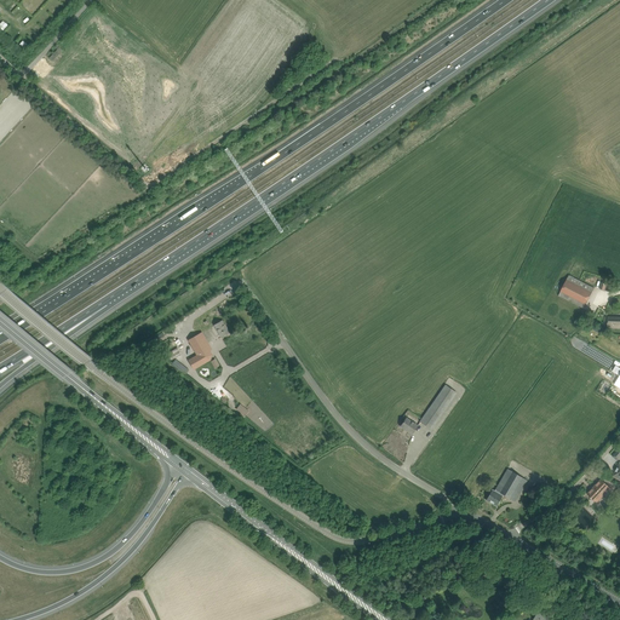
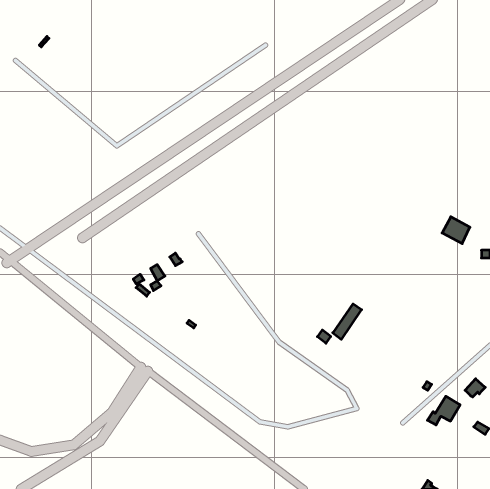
building: [486,469,527,505] -> [427,396,460,425]

